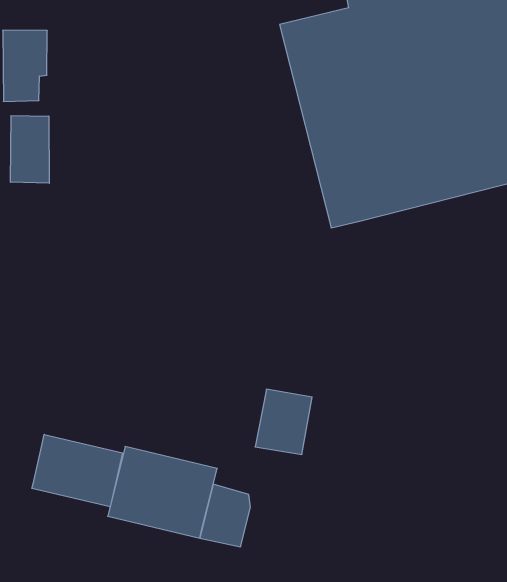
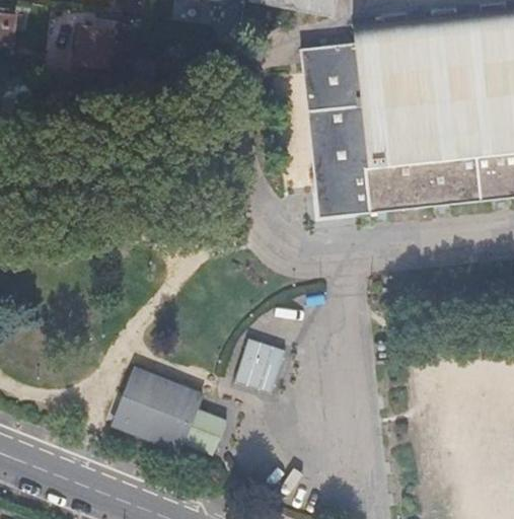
building: [11,116,49,183] -> none
building: [32,434,122,507] -> none

